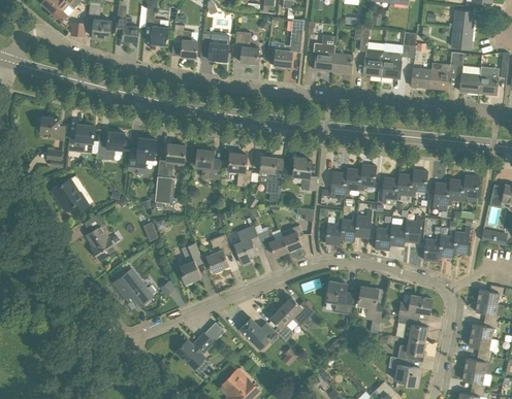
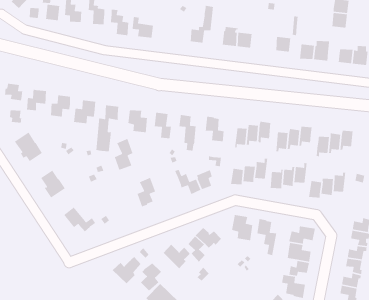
building: [359,28,384,76] -> none
building: [234,31,258,64] -> none
building: [234,225,261,265] -> none
building: [178,242,202,284] -> [114,138,133,171]
building: none -> [140,262,162,291]

